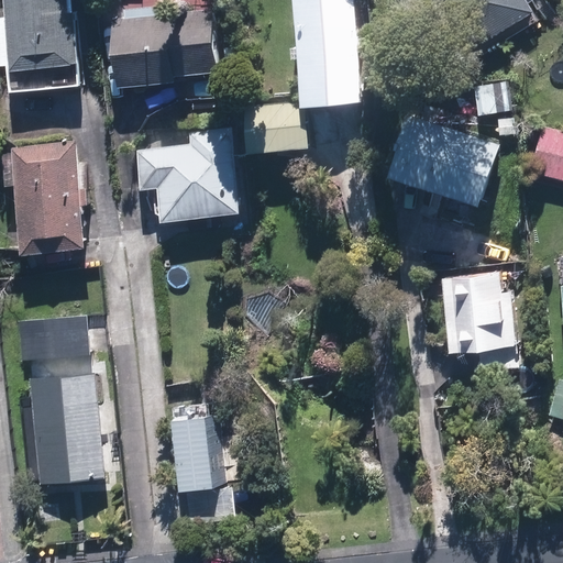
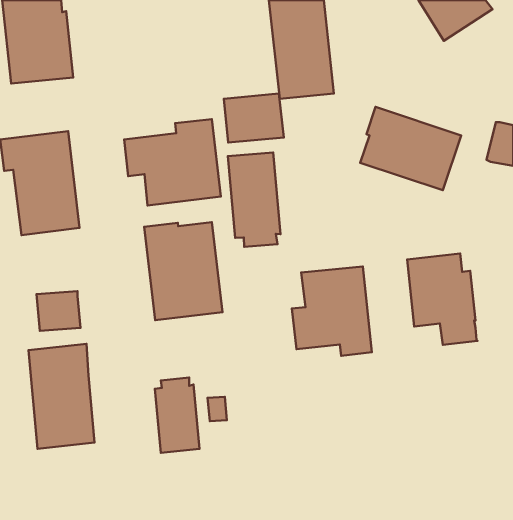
building: [111,10,217,88] -> none
building: none -> [228,152,281,247]
building: none -> [144,222,223,320]
building: none -> [292,266,372,356]

